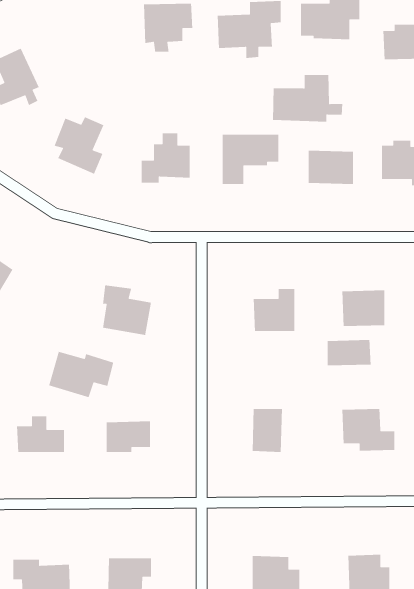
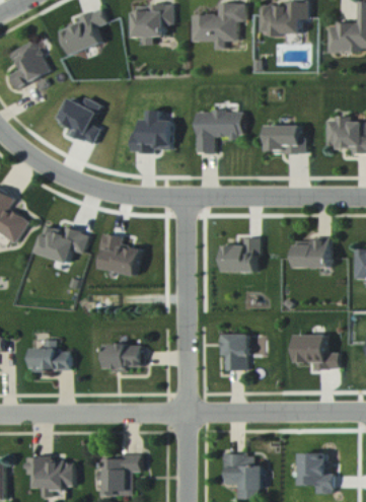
building: none -> [60,10,105,55]
building: [272,74,343,122] -> none
building: [327,339,371,366] -> none
building: [48,351,114,398] -> [33,224,87,263]

